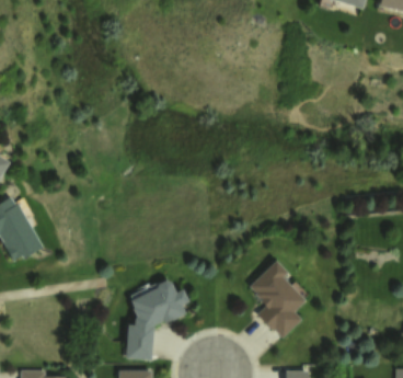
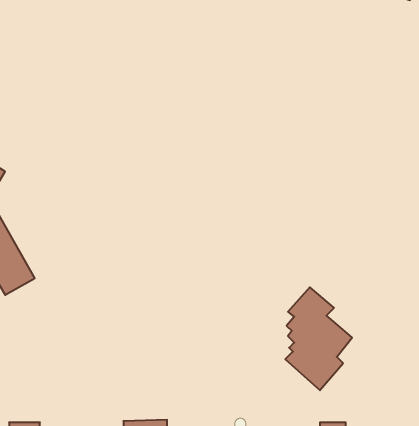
building: [126,278,187,362] -> none

